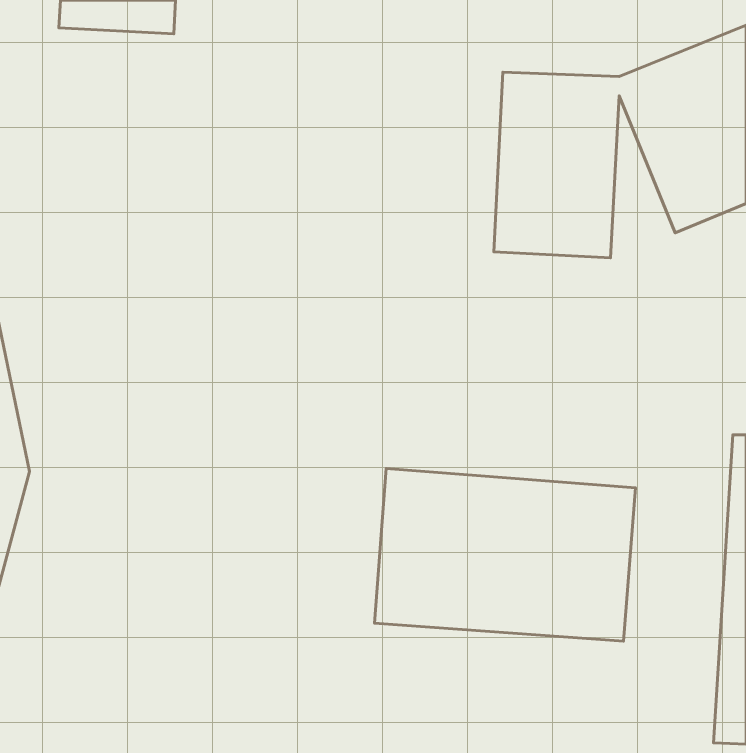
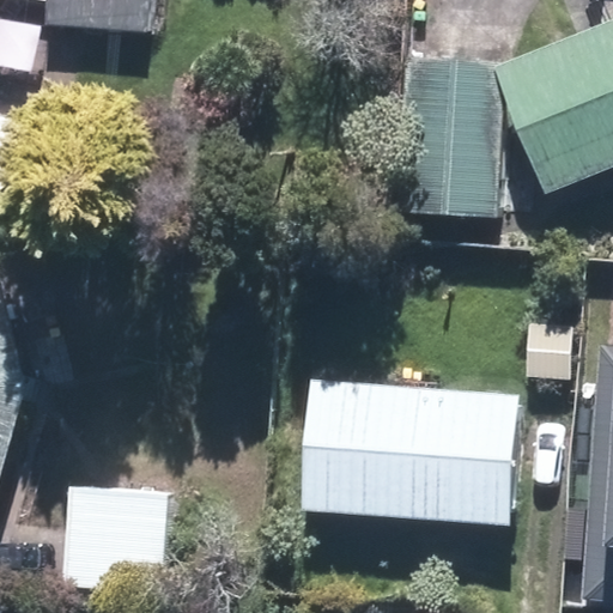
building: none -> [63,487,164,593]

